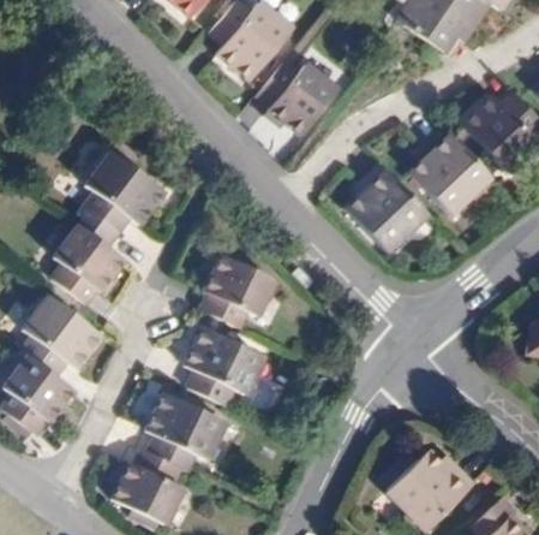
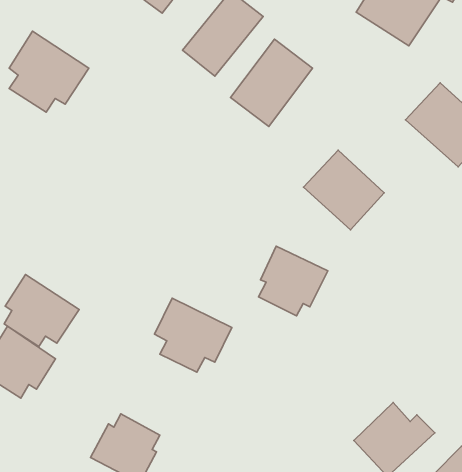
building: [397,132,481,215] -> none
building: [77,153,162,239] -> [9,31,89,112]
building: [52,226,125,299] -> none
building: [199,254,274,328] -> [258,246,328,316]
building: [144,392,223,471] -> none

